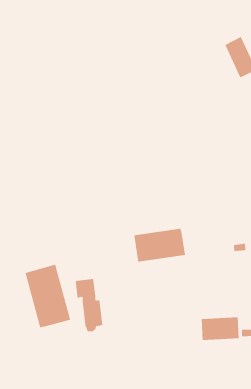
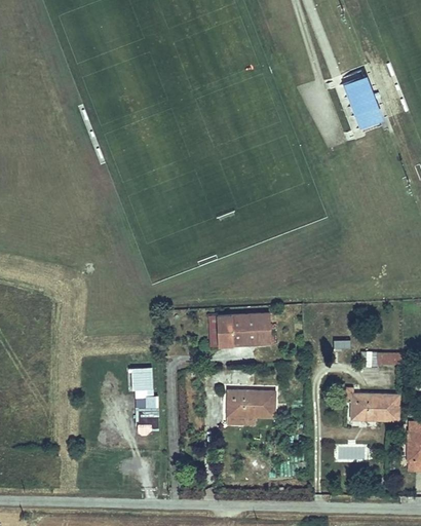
building: [25,264,71,328] -> none
building: [201,317,239,341] -> [226,389,275,418]

